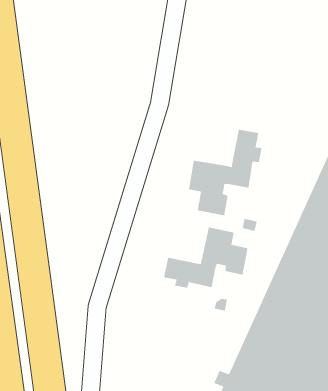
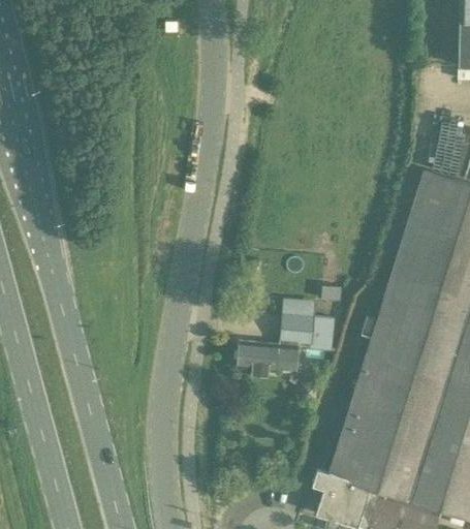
building: [188,129,262,216] -> none

